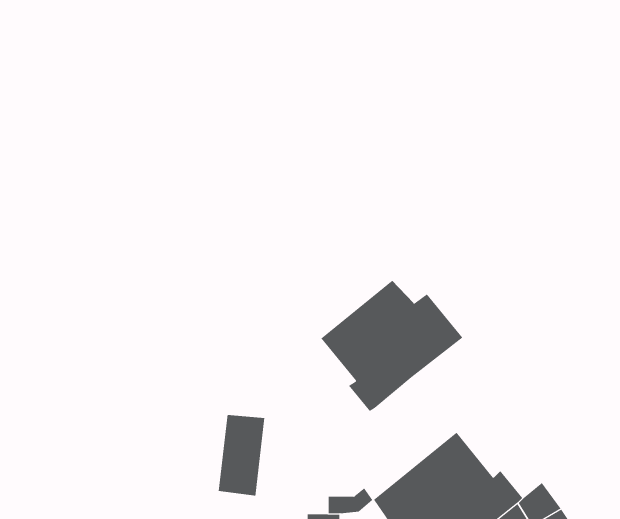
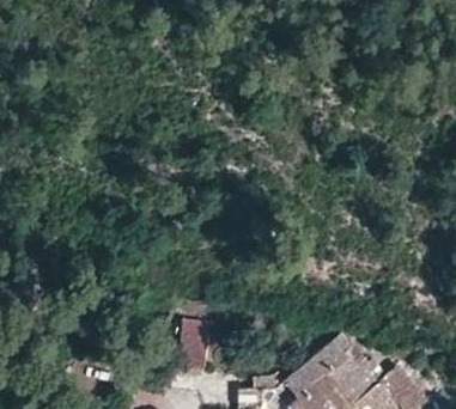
building: [320,280,463,412] -> none

